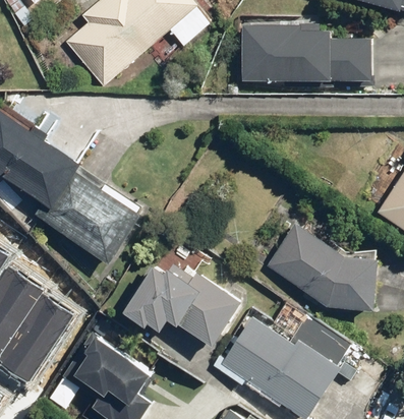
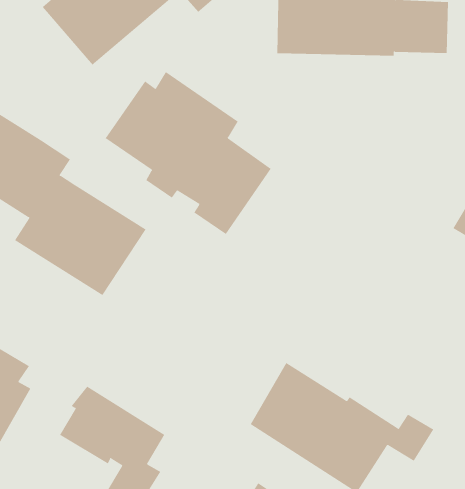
building: none -> [105,71,271,235]
building: [264,223,380,309] -> none
building: [125,235,244,377] -> none

